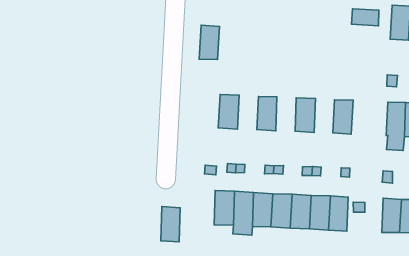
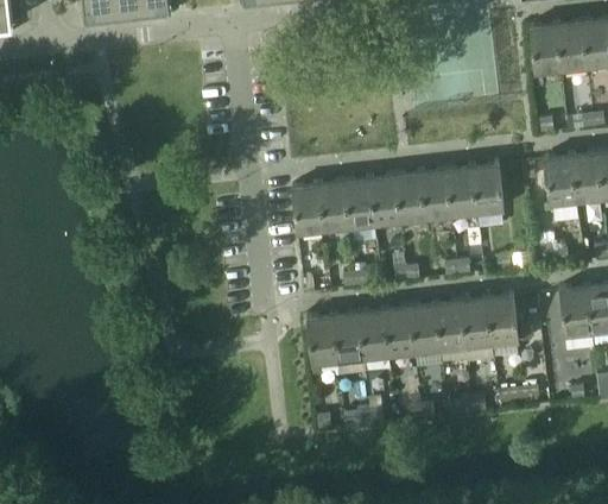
building: [352,9,379,26] -> none
building: [199,25,219,60] -> [292,185,322,234]
building: none -> [343,179,374,228]
building: none -> [394,174,426,222]
building: none -> [446,168,477,216]
building: [161,207,180,242] -> [306,316,337,365]

